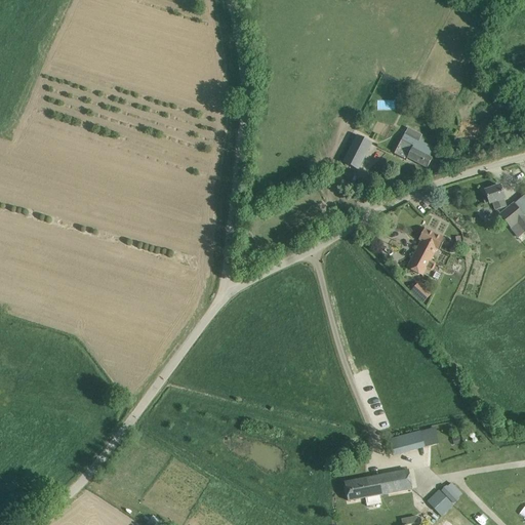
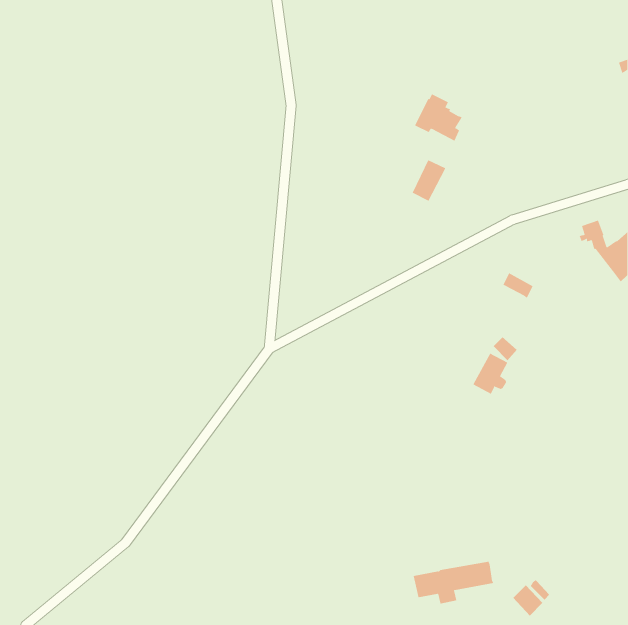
building: [394,126,434,166] -> [414,94,462,141]
building: [407,239,437,274] -> [473,353,508,394]
building: [389,430,425,454] -> none

